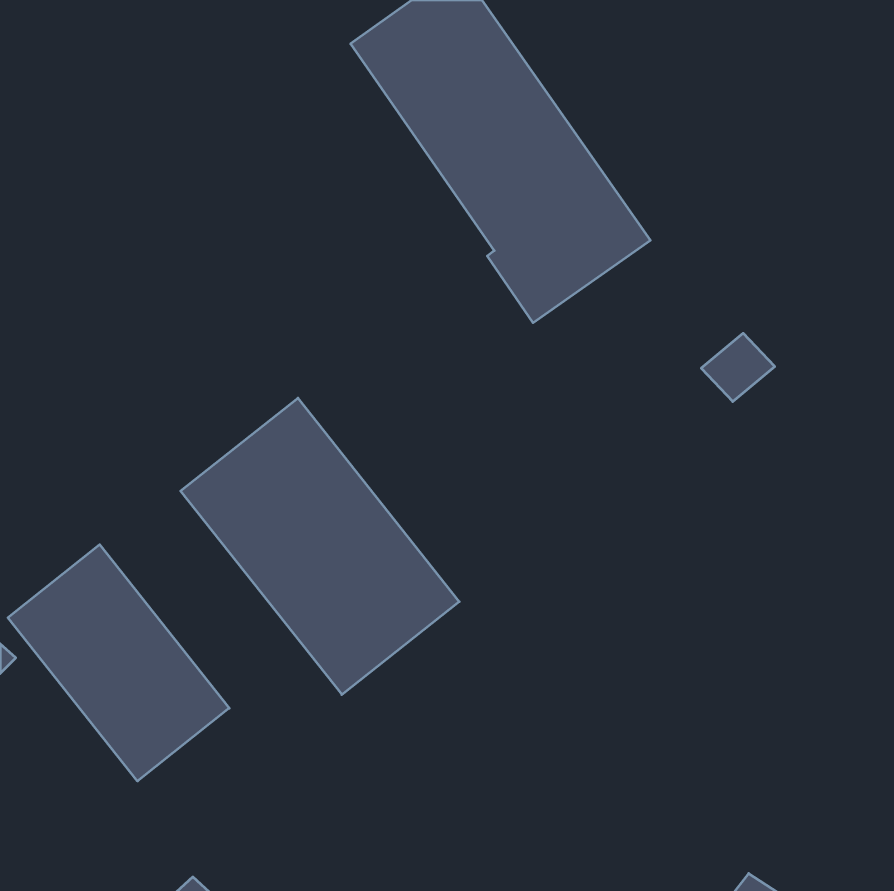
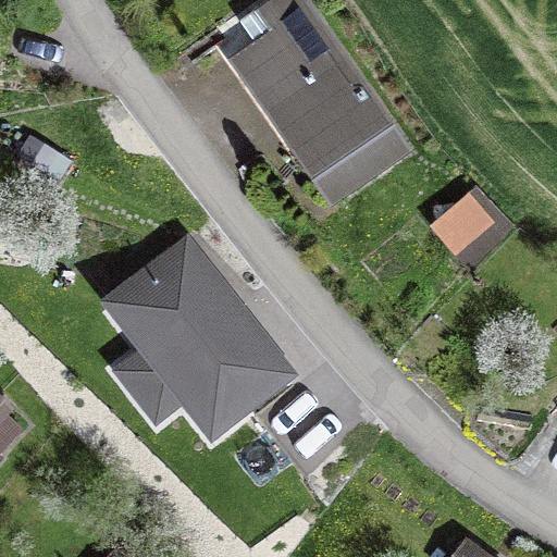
building: [8,545,229,781] -> none

